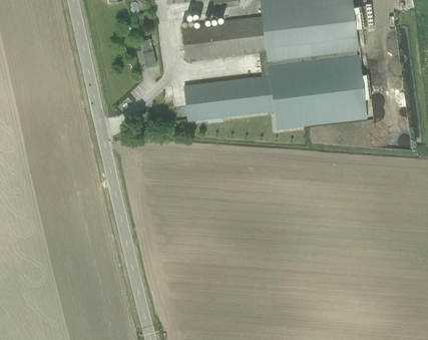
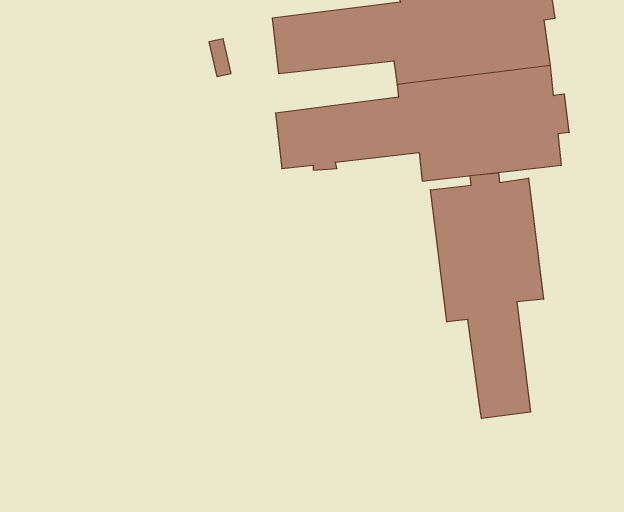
building: none -> [431,173,544,419]

